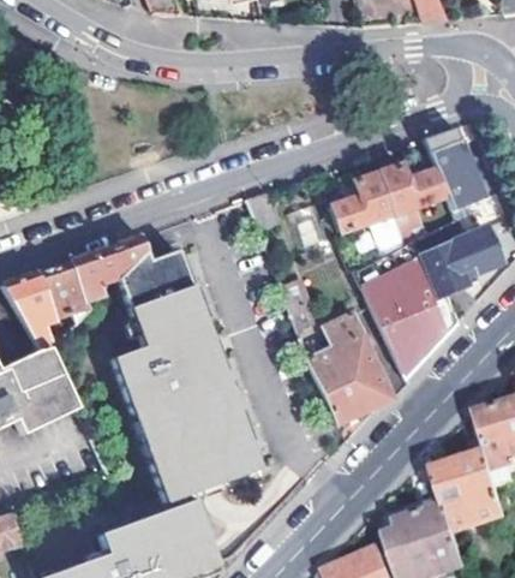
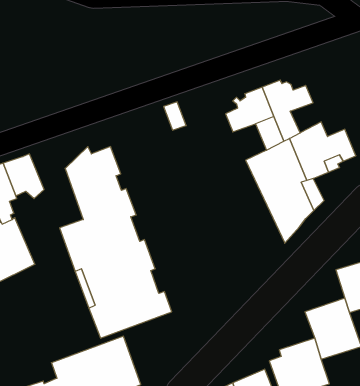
building: [424,126,485,209] -> none
building: [72,236,149,306] -> none
building: [283,278,395,423] -> none

